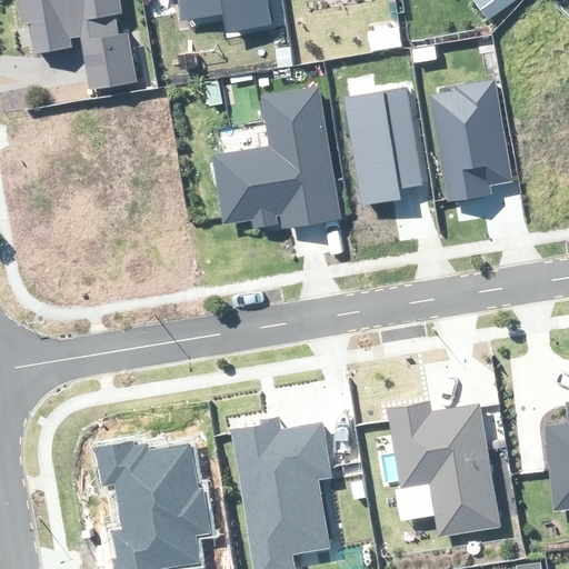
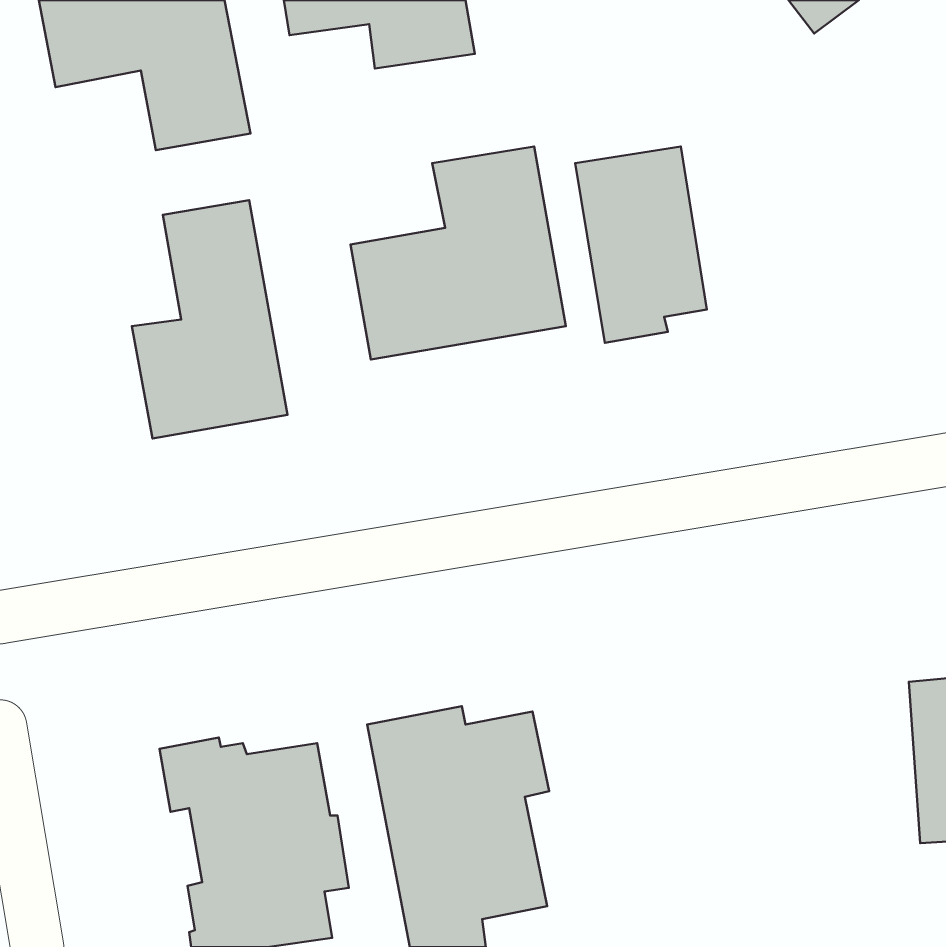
building: [427,81,517,199] -> none
building: none -> [132,200,287,439]
building: [382,398,507,527] -> none

